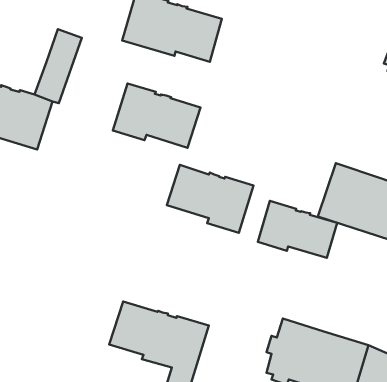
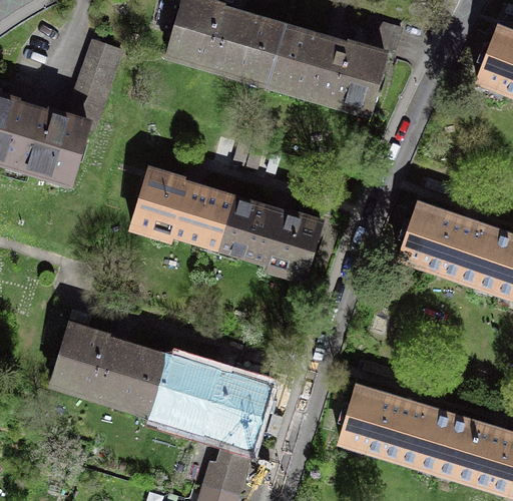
building: none -> [271,18,401,113]
building: [113,83,200,148] -> [133,171,235,246]
building: [258,201,337,258] -> none
building: none -> [52,326,169,409]

